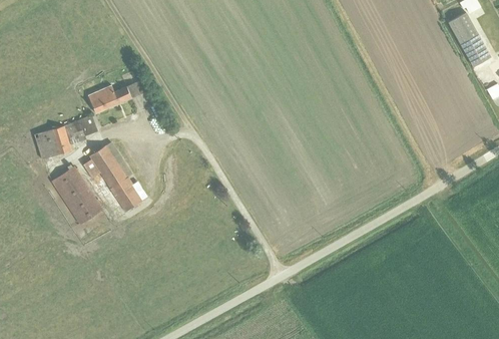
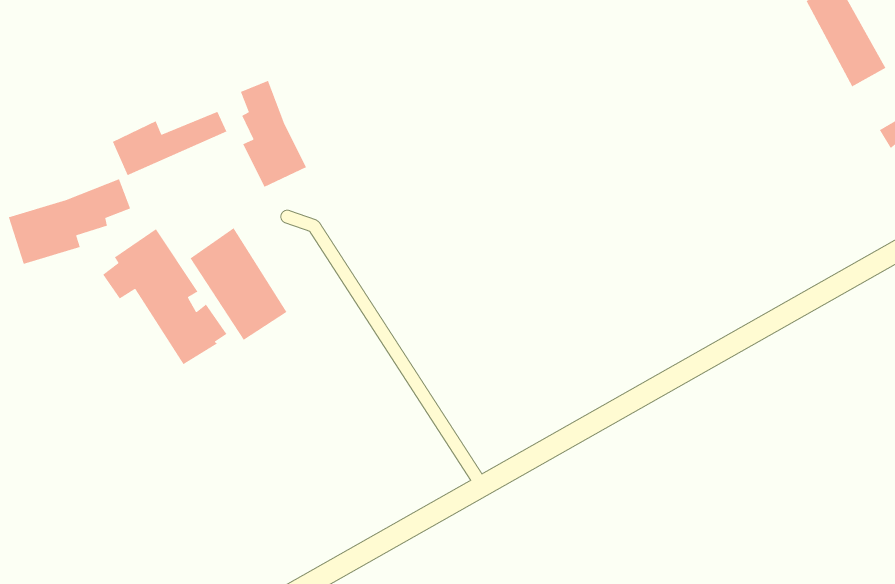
building: none -> [240,80,307,188]
building: [51,165,102,225] -> [189,227,288,341]

